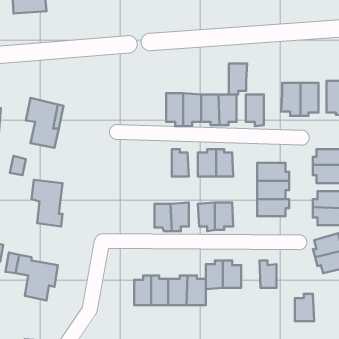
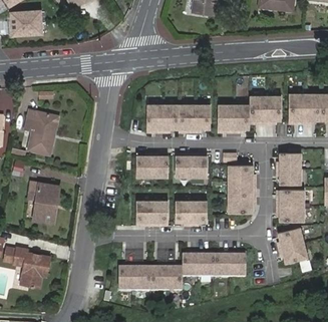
building: [229,64,247,94] -> [234,105,250,132]
building: none -> [136,153,152,178]
building: [295,294,314,321] -> [214,252,231,276]

